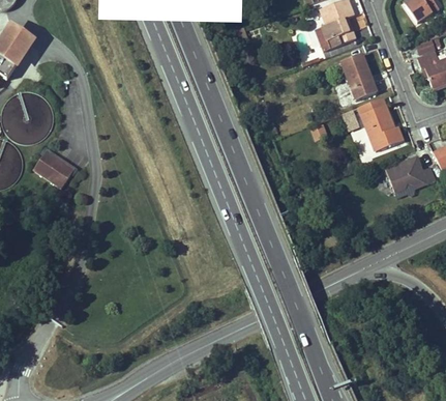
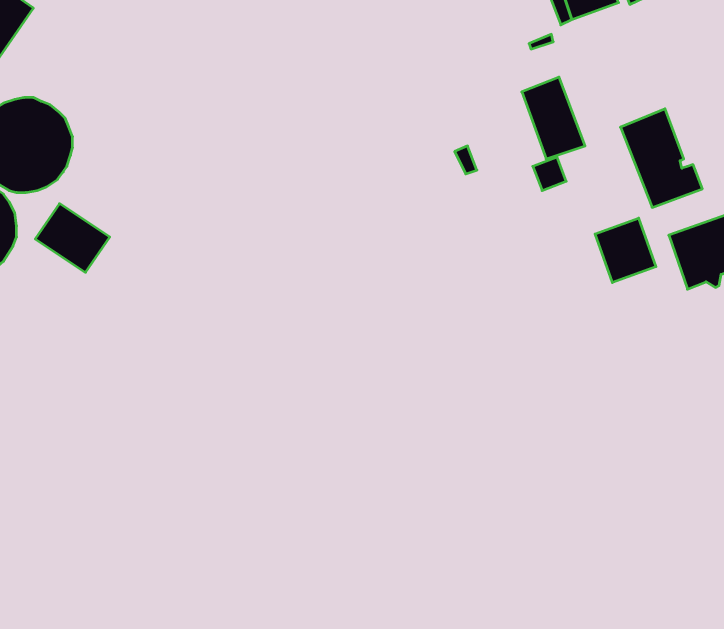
building: [341,53,377,98] -> [522,77,585,159]
building: none -> [595,218,656,283]

